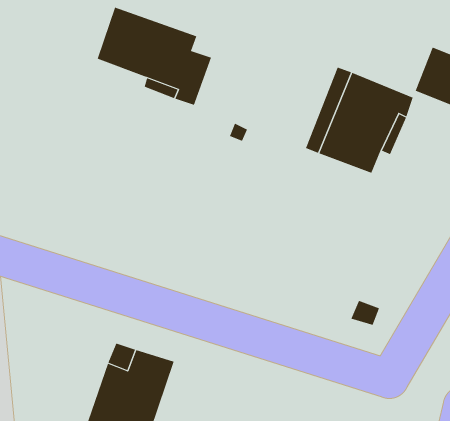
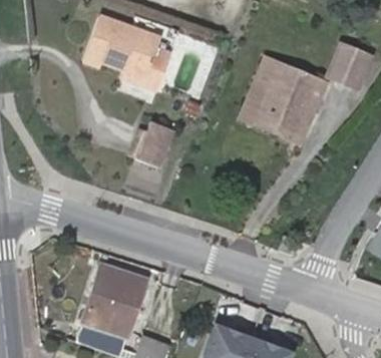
building: none -> [135,118,174,166]

